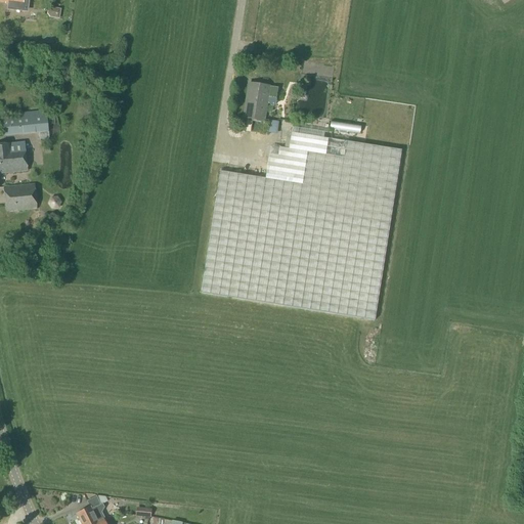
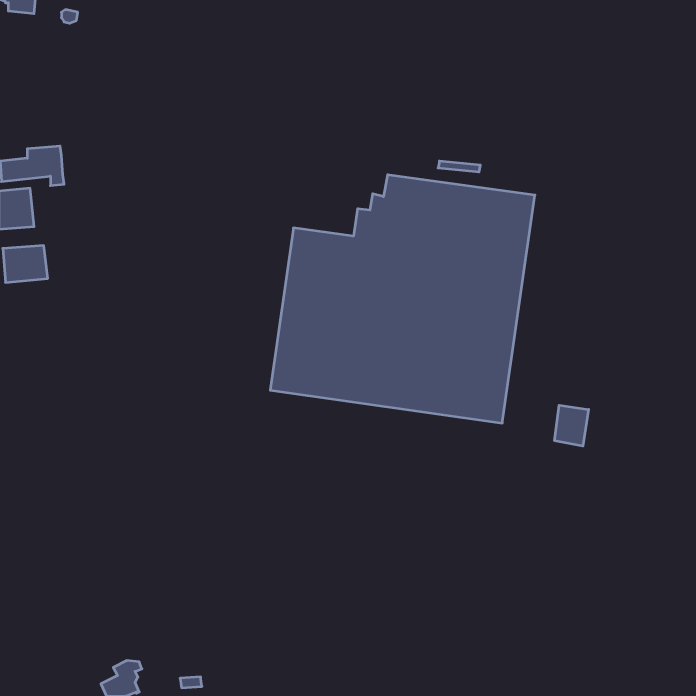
building: [244,83,276,120] -> none
building: none -> [555,405,589,446]

